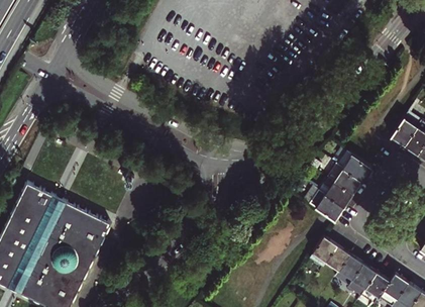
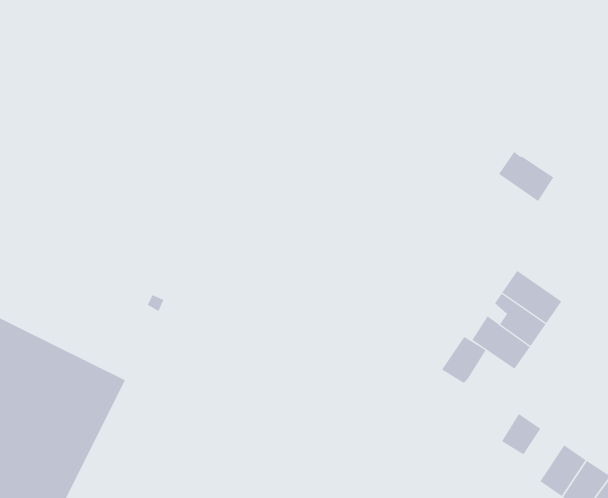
building: [338,152,370,182] -> [498,151,554,202]
building: [310,238,336,266] -> [441,336,487,383]
building: [335,255,362,286] -> none

